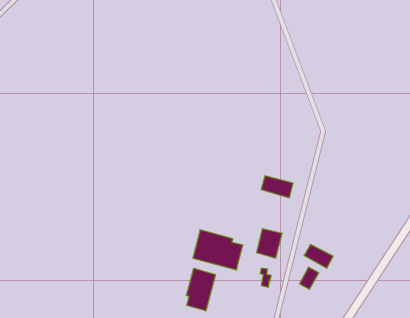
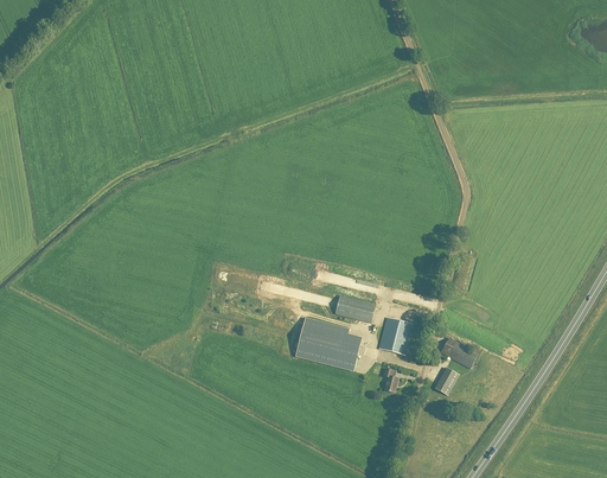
building: [261,176,293,198] -> [334,294,376,323]
building: [186,268,216,311] -> none

